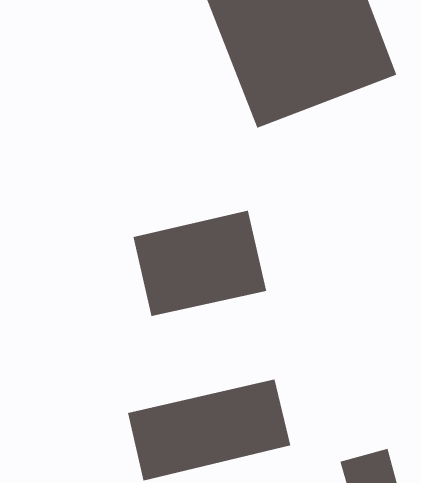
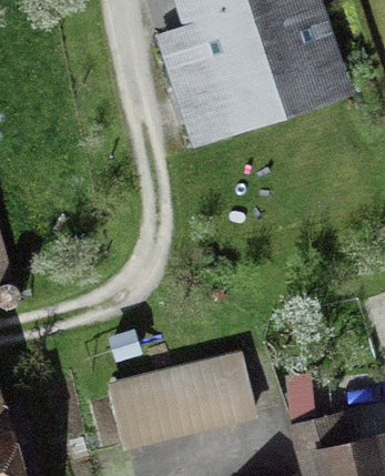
building: [133,210,267,317] -> none

